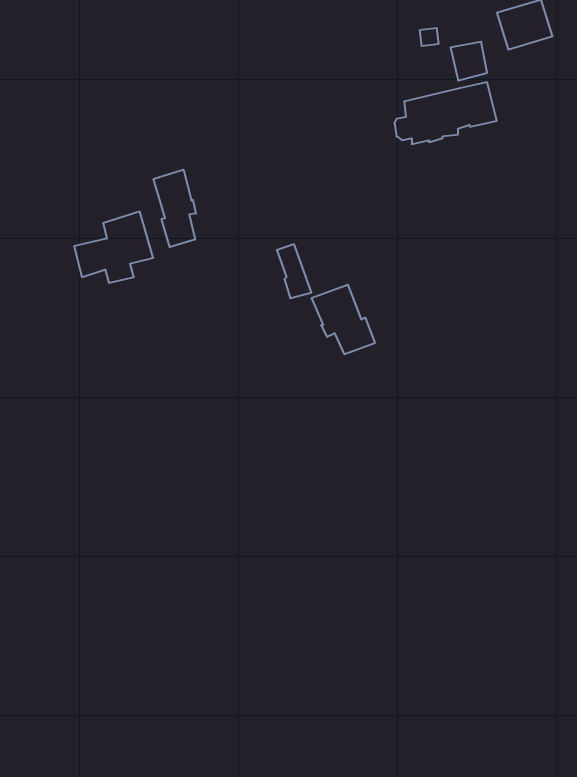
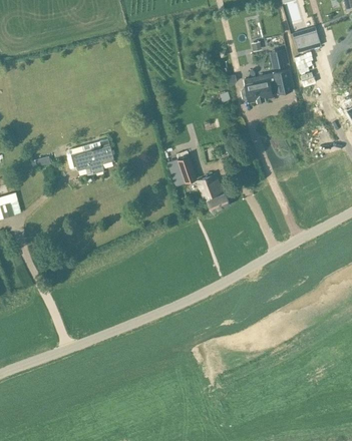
building: [154,170,196,247] -> none

